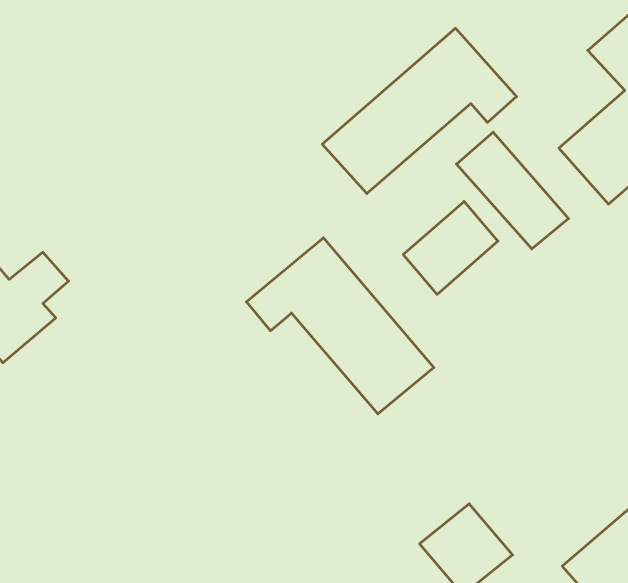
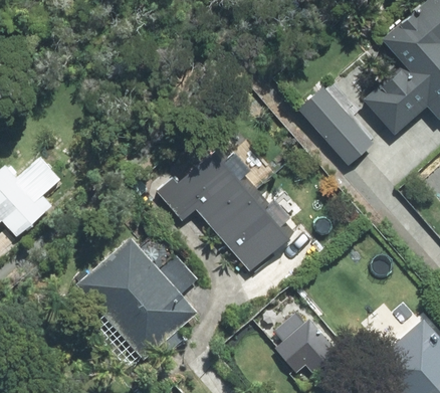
building: [322,28,517,194] -> none
building: [403,201,498,294] -> none
building: none -> [80,238,195,355]

